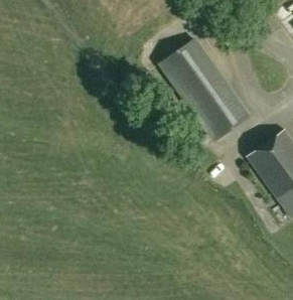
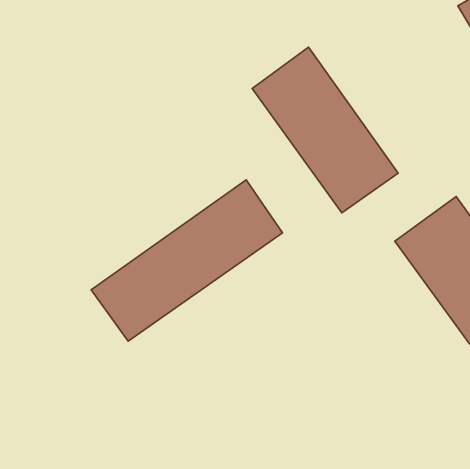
building: none -> [91,180,283,341]

